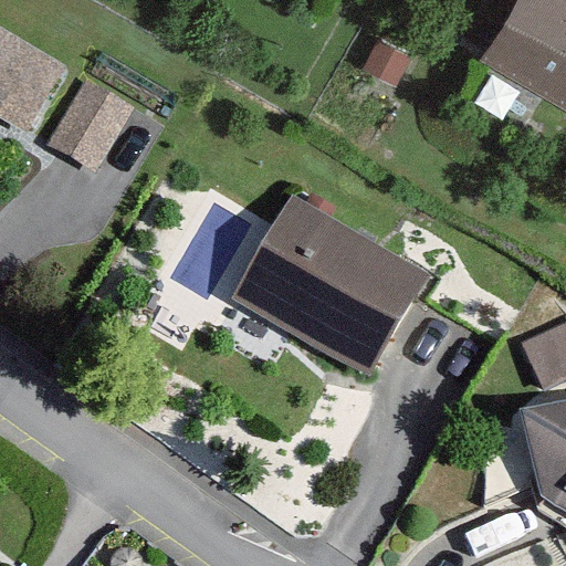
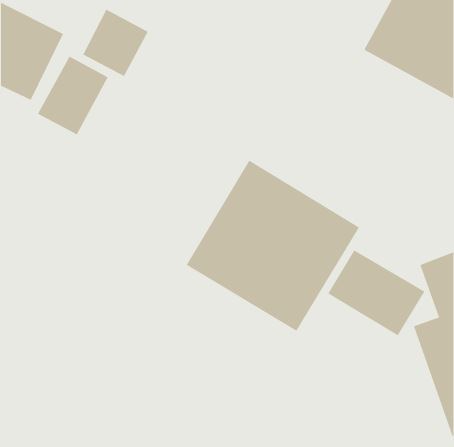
building: none -> [82,9,148,77]
building: none -> [328,249,425,336]

